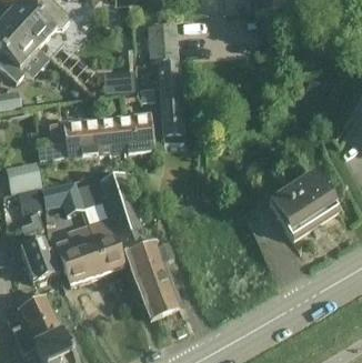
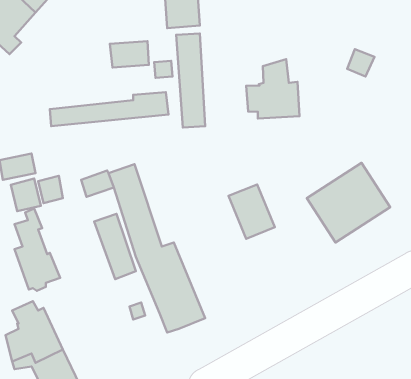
building: none -> [246,59,299,118]
building: [51,132,153,158] -> none
building: none -> [228,184,275,239]
building: [54,223,105,284] -> none

